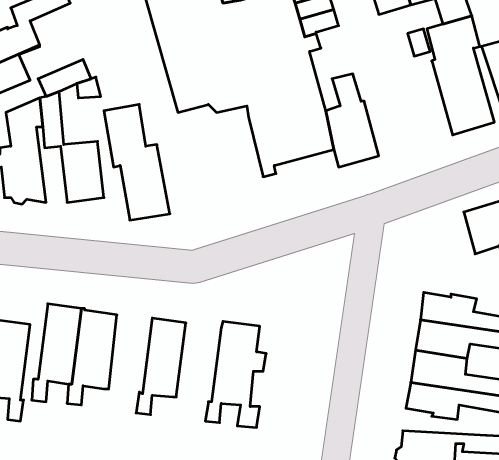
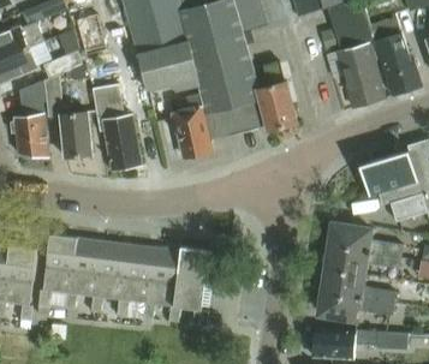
building: none -> [169,94,210,156]
building: none -> [90,241,127,312]
building: none -> [142,247,179,320]

